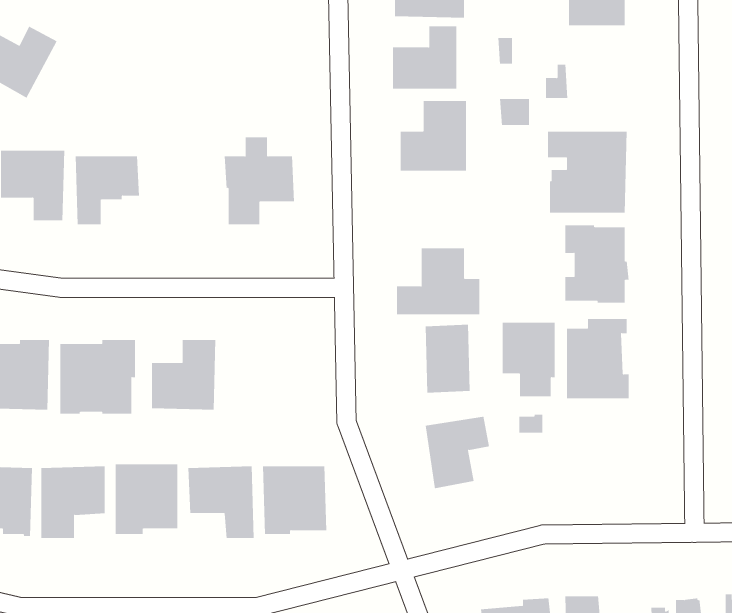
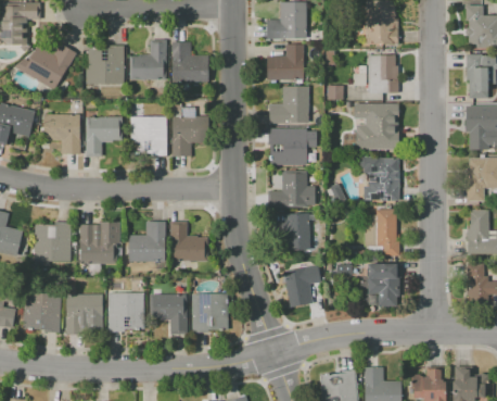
building: none -> [130,39,167,79]
building: none -> [171,41,209,80]
building: none -> [87,45,125,84]
building: none -> [368,54,399,93]
building: none -> [130,116,167,155]
building: none -> [269,128,317,165]
building: [502,322,555,397] -> [369,264,399,306]
building: none -> [170,222,209,262]

